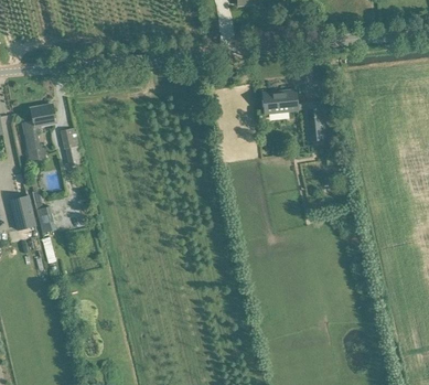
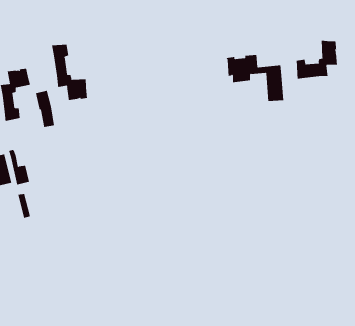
building: none -> [296,40,338,80]
building: none -> [52,44,87,101]

